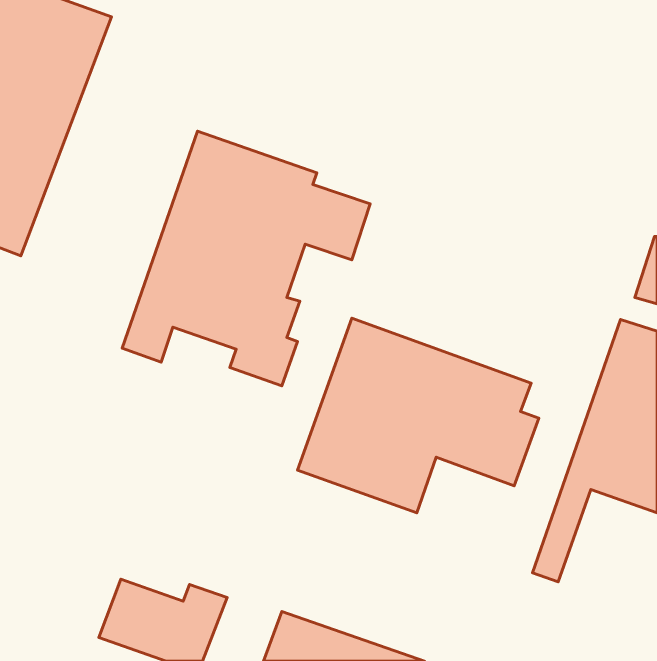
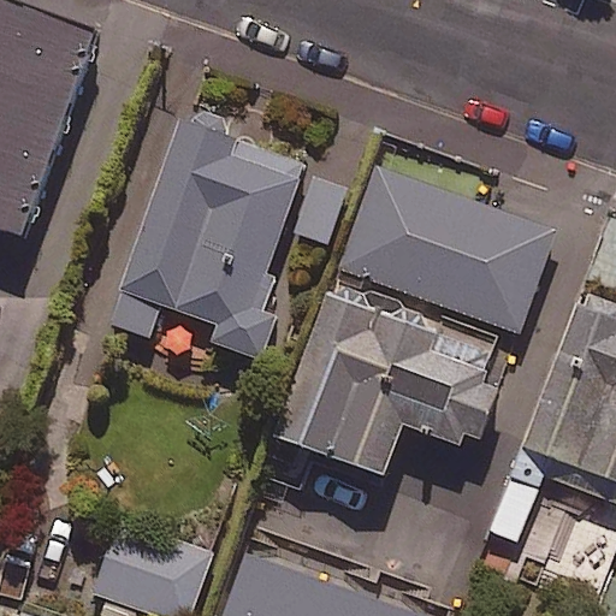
building: none -> [339,167,555,331]

